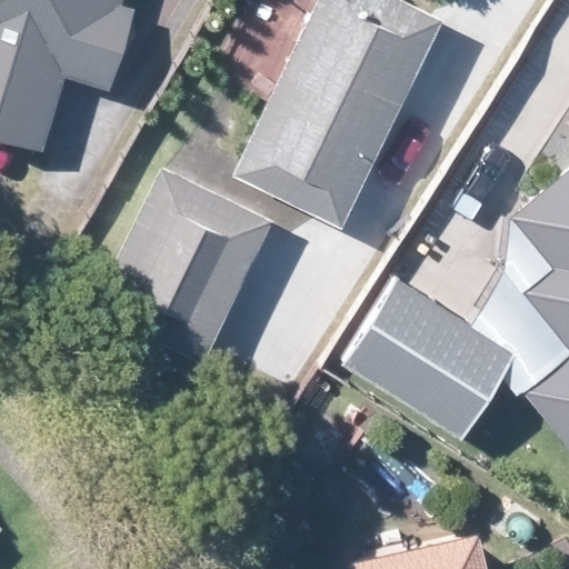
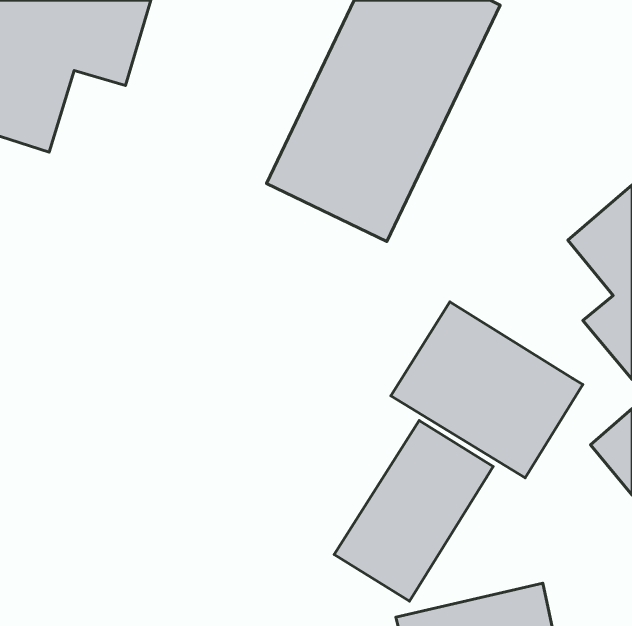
building: [94,167,272,362] -> none
building: none -> [334,420,493,601]

